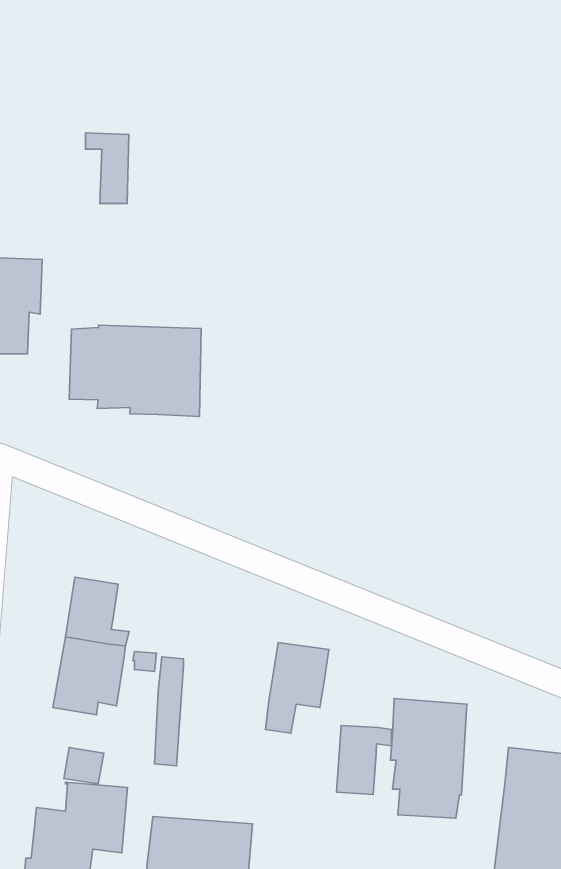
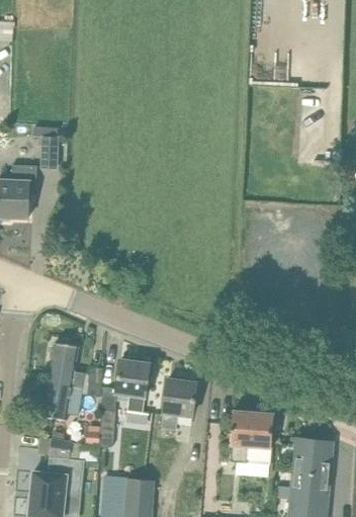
building: [85,133,129,204] -> [33,128,58,168]
building: [69,325,201,416] -> none
building: none -> [115,360,149,413]
building: [336,725,392,795] -> none

